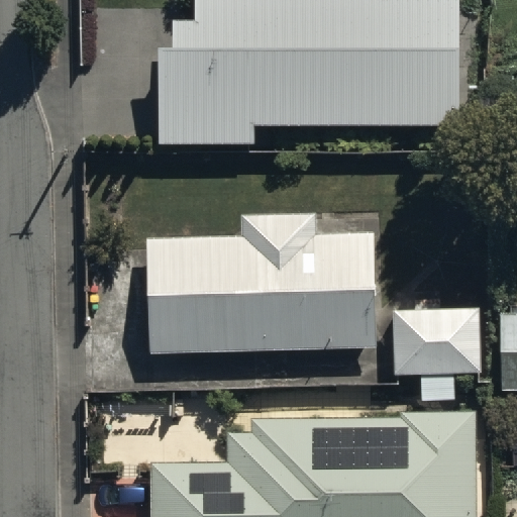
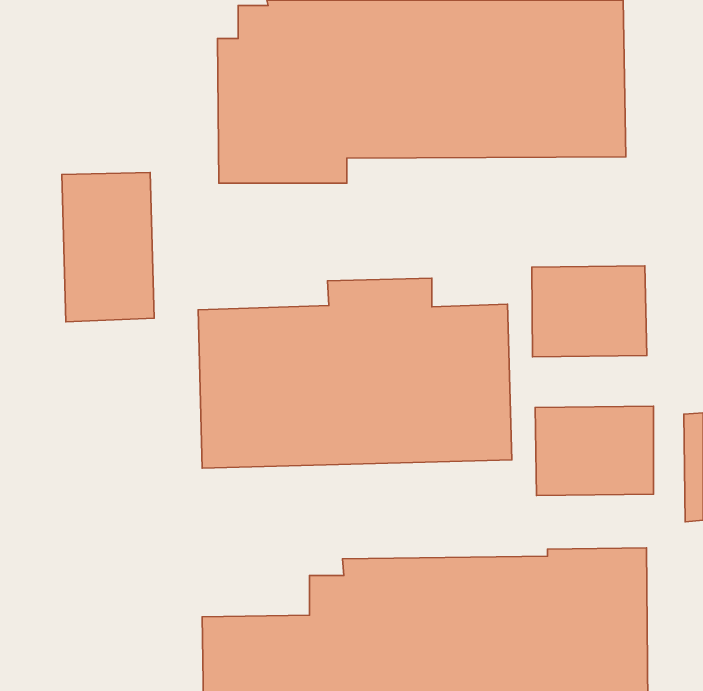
building: none -> [62,173,154,322]
building: none -> [532,266,647,357]

